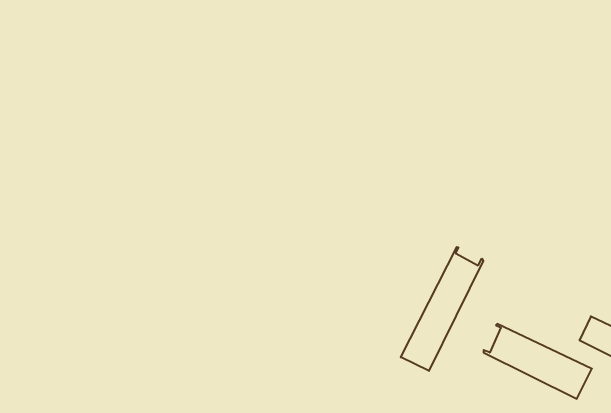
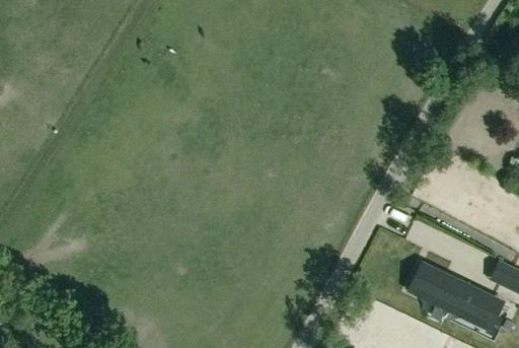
building: [401,247,483,371] -> none

